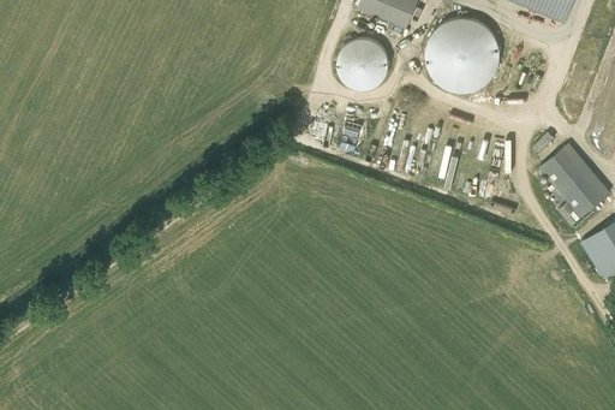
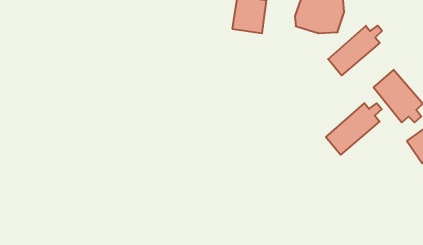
building: none -> [328,26,382,75]
building: none -> [326,103,382,155]

